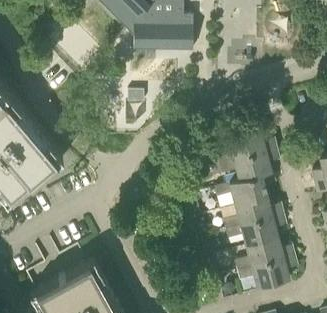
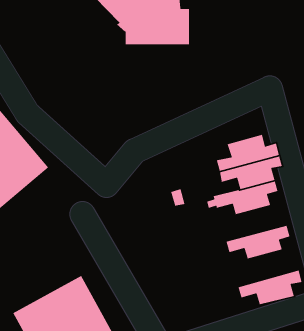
building: [223,196,283,229] -> none
building: [234,237,294,271] -> none

